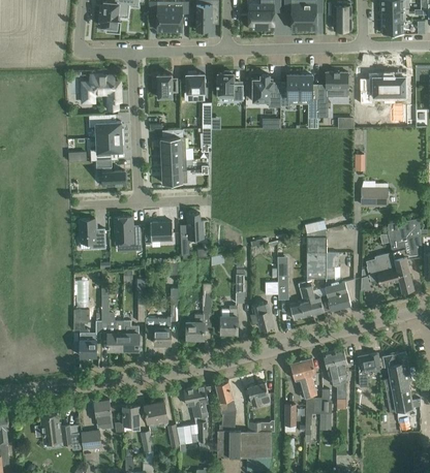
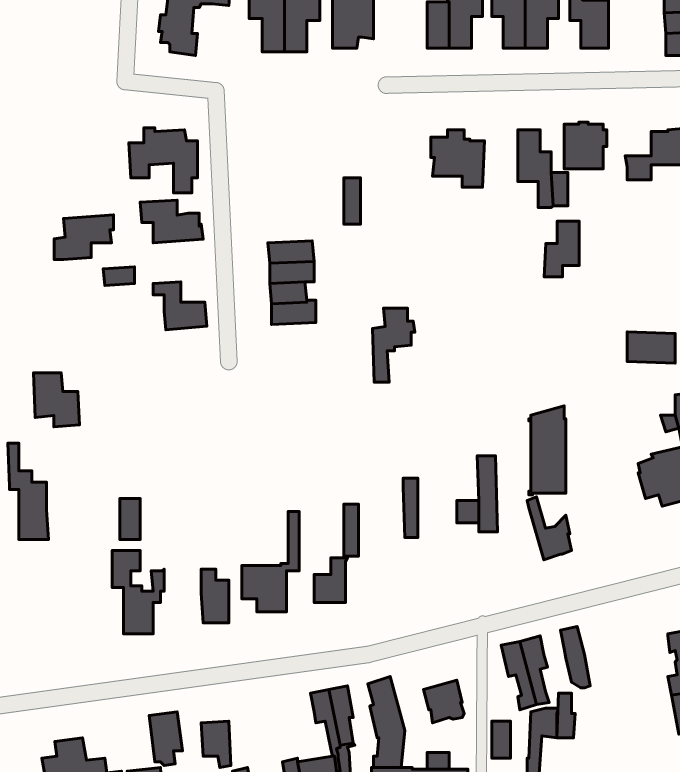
building: [217,71,243,101] -> none
building: [186,72,205,101] -> none
building: [153,74,178,98] -> none
building: [280,75,300,106] -> [544,221,579,277]
building: [91,136,124,161] -> [54,215,113,259]
building: [179,214,203,255] -> [372,308,415,382]
building: [115,217,142,250] -> none
building: [80,219,105,249] -> [33,373,80,427]
building: [151,221,173,241] -> none
building: [326,252,351,310] -> none
building: [289,283,314,320] -> none
building: [101,296,124,350] -> [8,443,48,540]
building: [251,303,274,328] -> none
building: [221,306,238,333] -> none
building: [333,349,349,405] -> none
building: [358,353,385,387] -> none
building: [145,402,168,428] -> none

